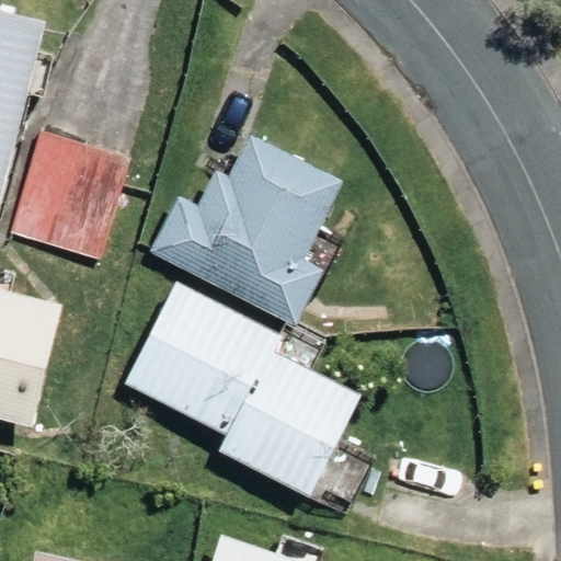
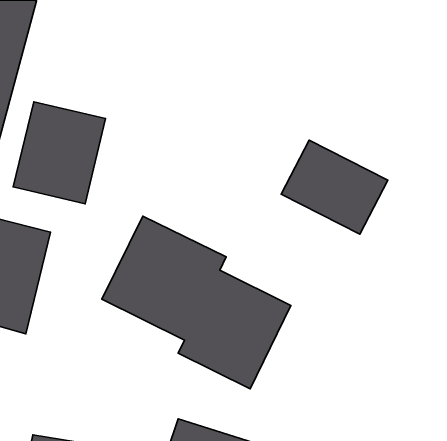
building: [150,138,336,329] -> none
building: none -> [281,140,388,234]

